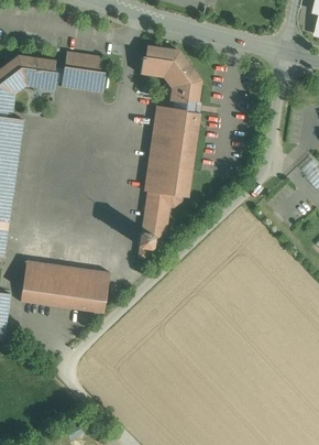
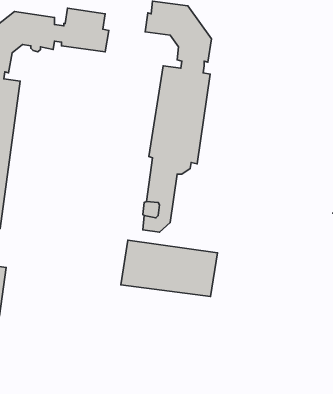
building: [20,259,110,312] -> [121,240,217,297]

